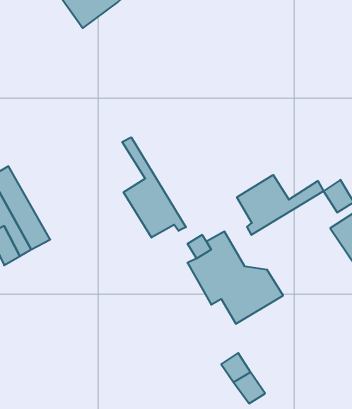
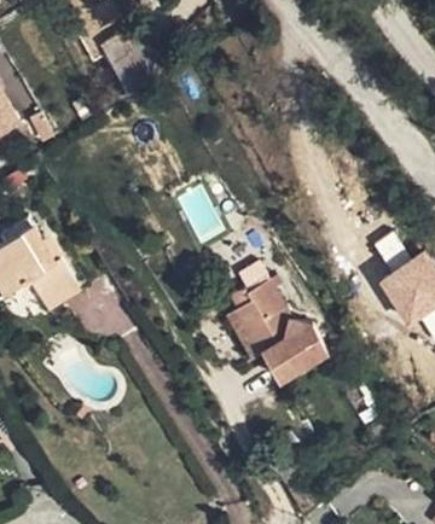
building: [122,137,186,238] -> none
building: [237,175,324,235] -> none

